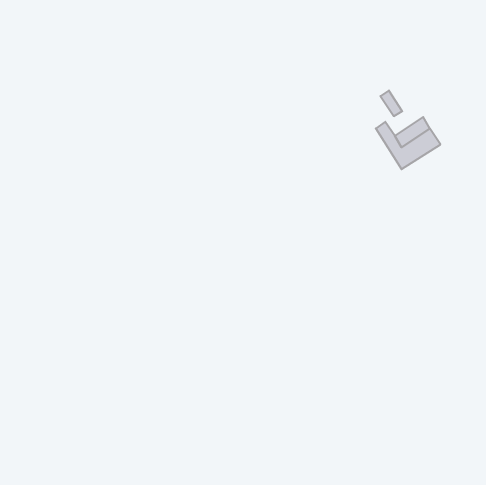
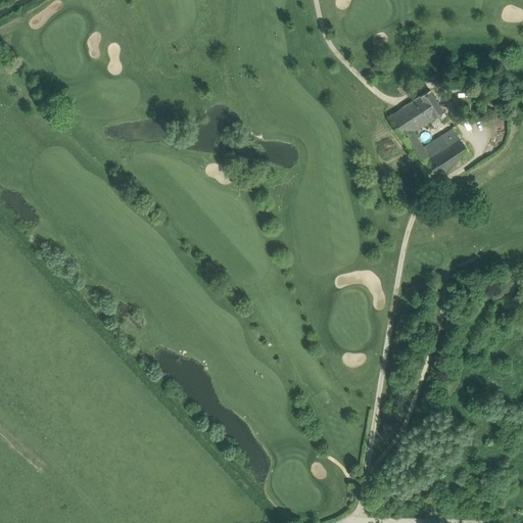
building: none -> [418,89,444,120]
building: none -> [389,103,423,138]

